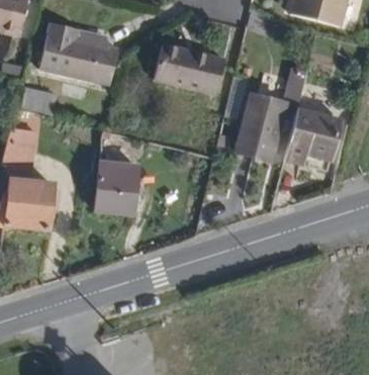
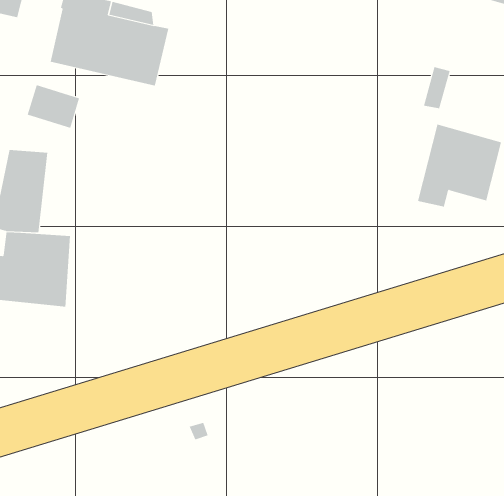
building: [157,44,227,93] -> none
building: [236,93,284,162] -> none
building: [95,160,136,210] -> none

